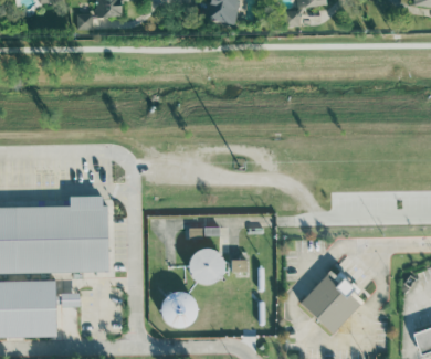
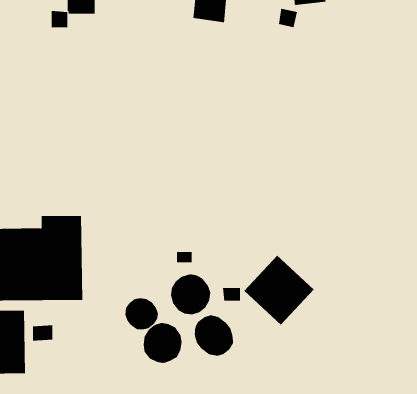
building: none -> [125,297,158,330]
building: [299,270,362,332] -> [244,255,314,326]
building: none -> [194,314,234,356]

